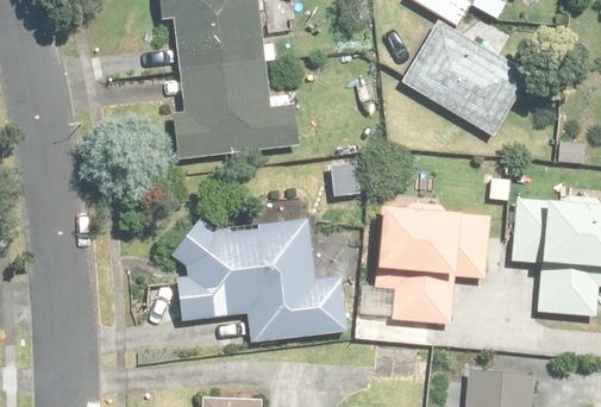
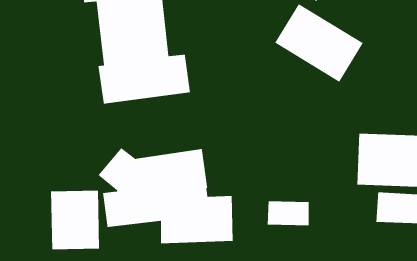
building: [363,211,481,286] -> none
building: none -> [50,190,100,250]

